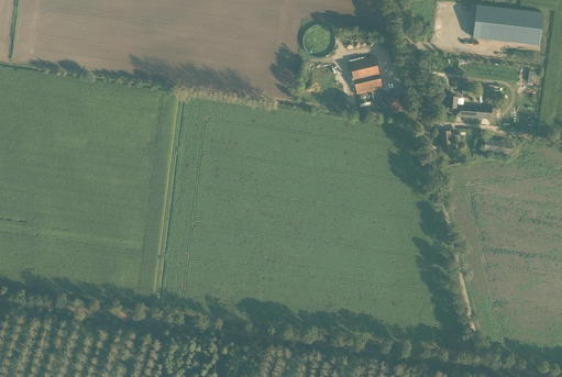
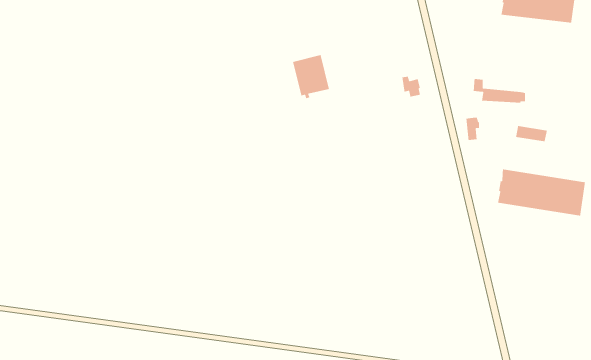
building: [349,56,383,97] -> [292,54,330,99]
building: none -> [497,169,586,217]

